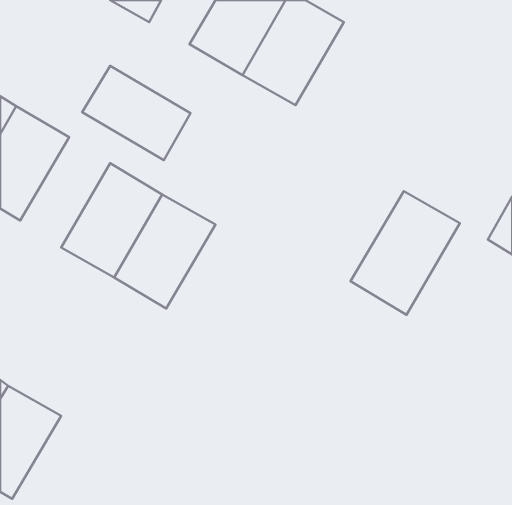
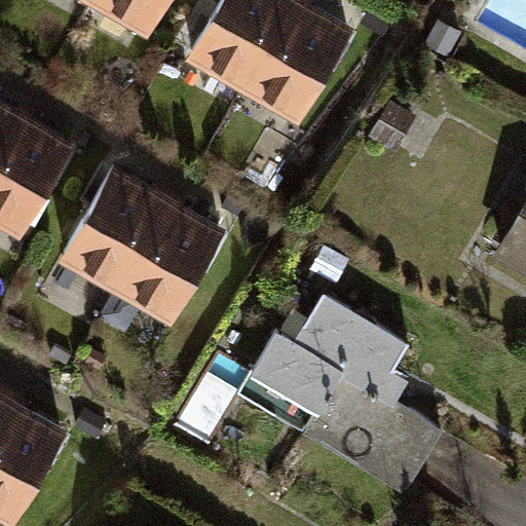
building: [82,66,190,160] -> none
building: [351,191,460,315] -> none
building: none -> [253,296,444,489]

